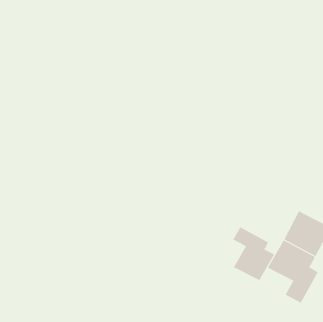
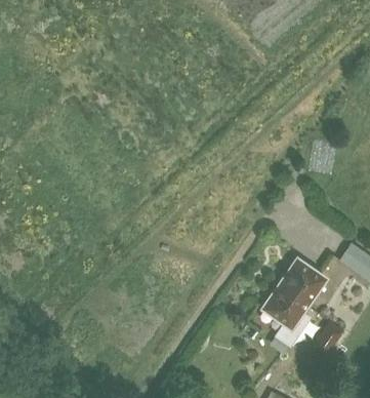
building: [233,226,275,281] -> none

